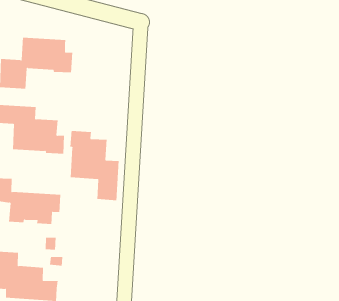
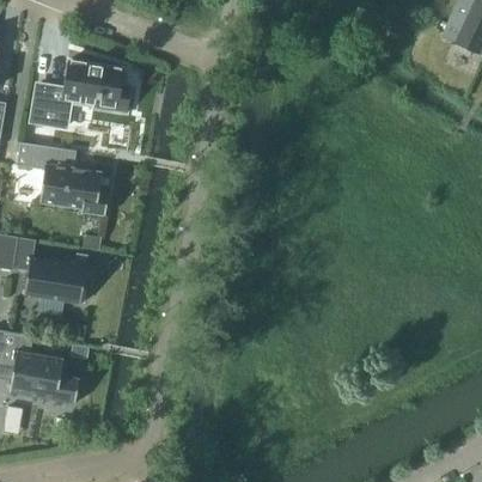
building: [70,130,119,201] -> none

